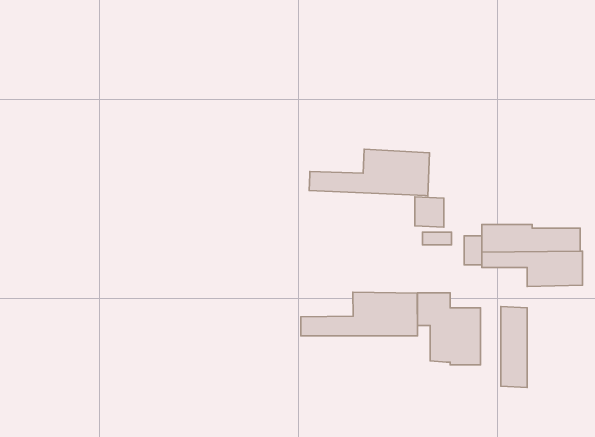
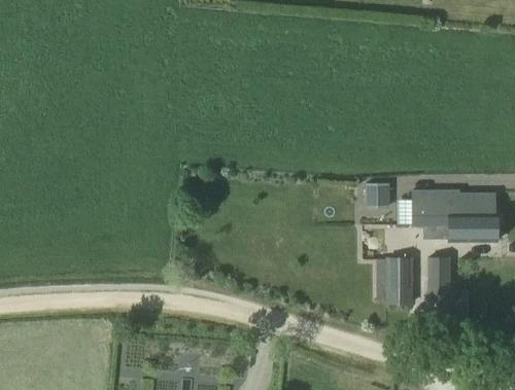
building: [309,149,429,196] -> none
building: [301,292,418,336] -> none

